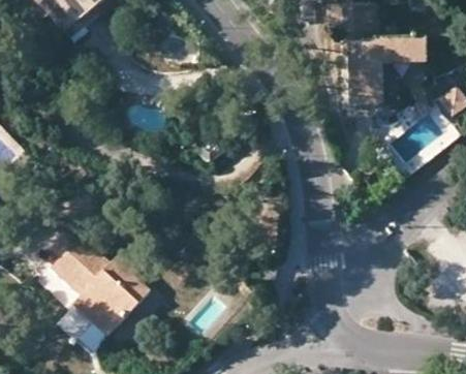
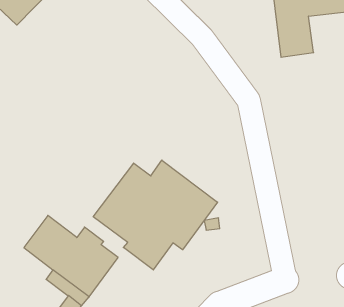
building: none -> [93,160,218,270]

